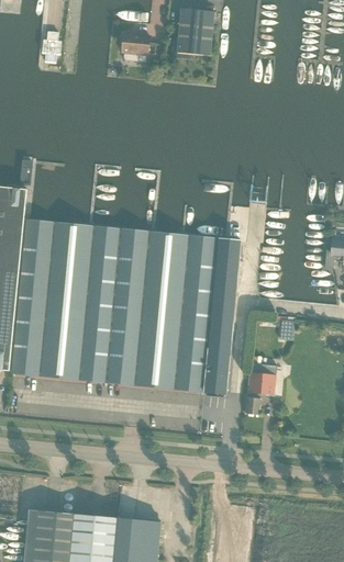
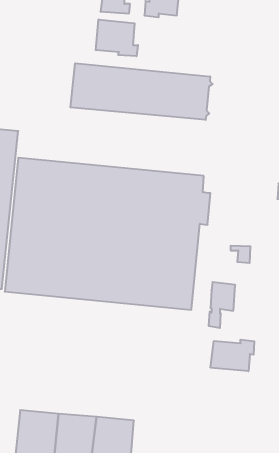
building: none -> [96,19,138,56]
building: none -> [70,63,213,120]
building: none -> [211,340,254,371]

